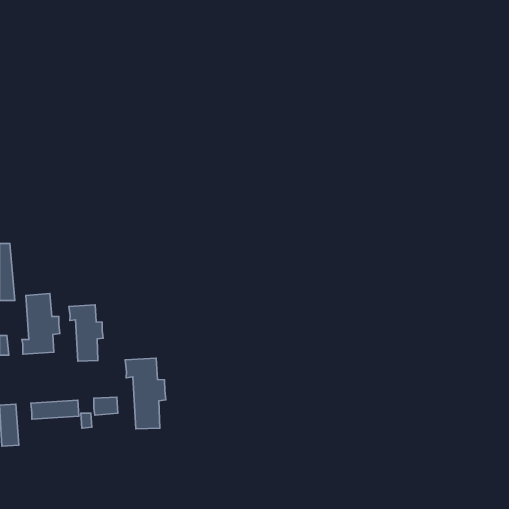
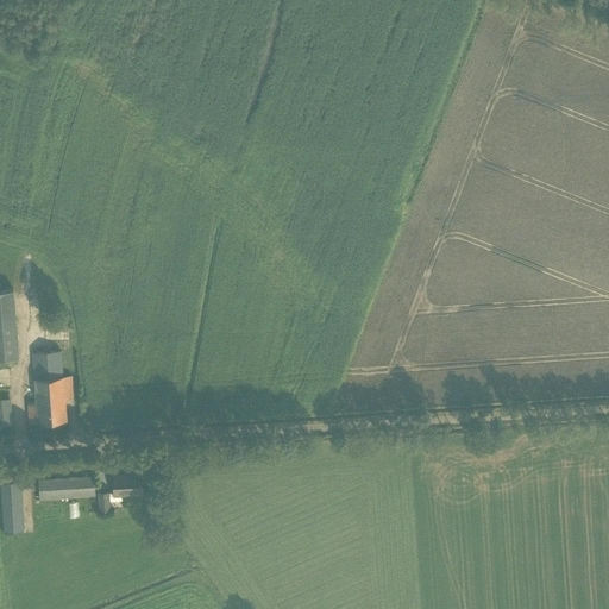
building: [69,305,103,361] -> none
building: [125,358,166,429] -> none

